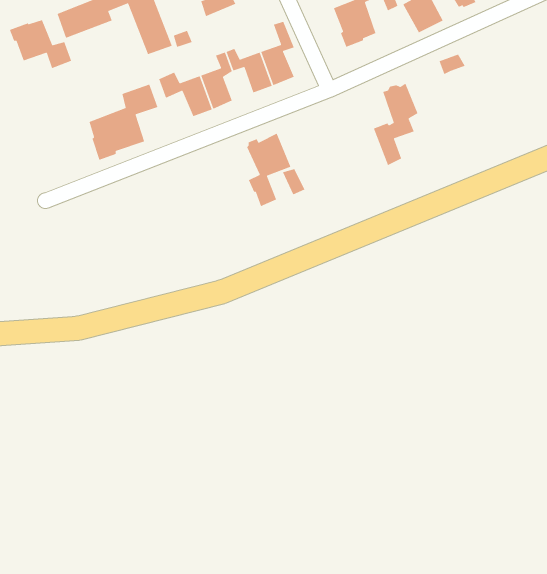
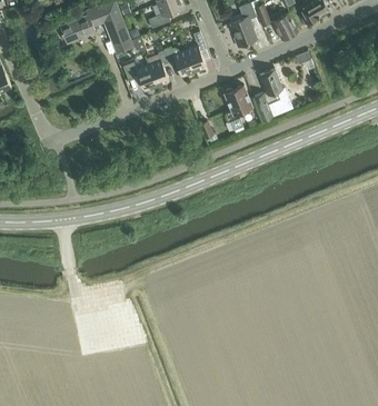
building: [9,19,72,69] -> none
building: [88,83,159,161] -> none
building: [246,133,292,207] -> [225,86,252,131]

